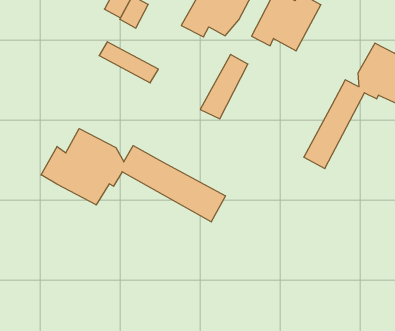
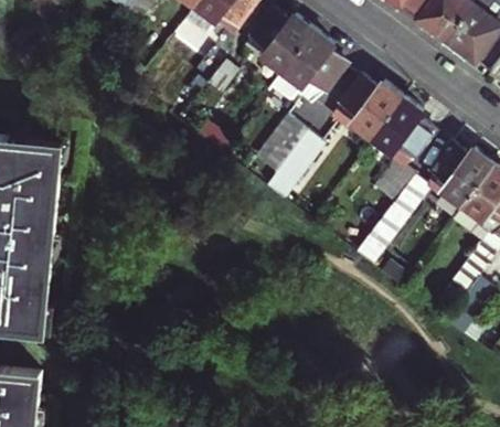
building: none -> [370,98,432,196]
building: none -> [260,117,306,166]
building: [41,129,225,222] -> none

